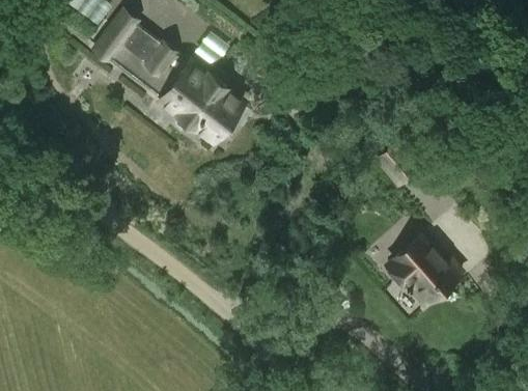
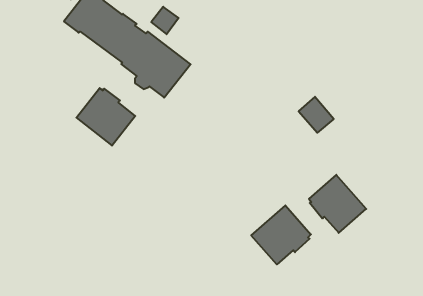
building: none -> [76,88,135,146]
building: none -> [251,205,311,264]

